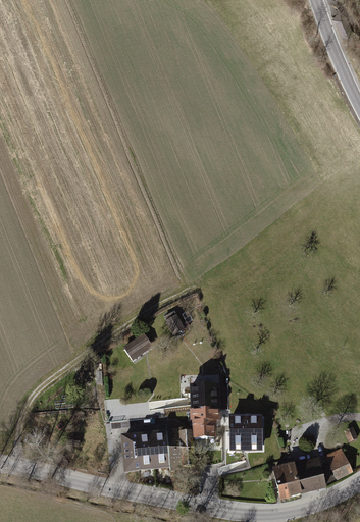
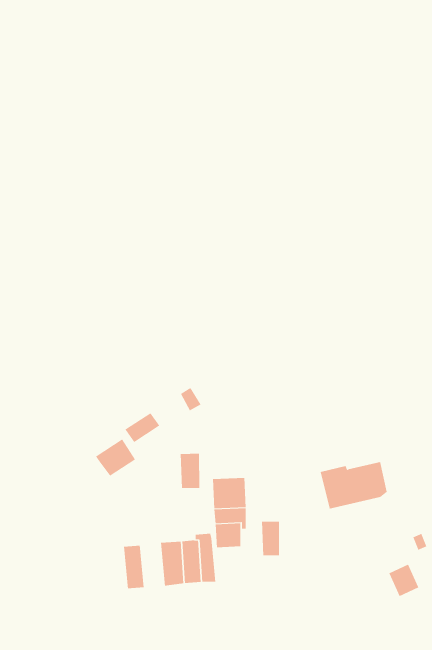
building: none -> [95,439,136,477]
building: none -> [180,453,200,489]
building: [243,417,261,443] -> none
building: [136,433,154,468] -> none
building: [272,460,324,497] -> [320,461,387,509]

